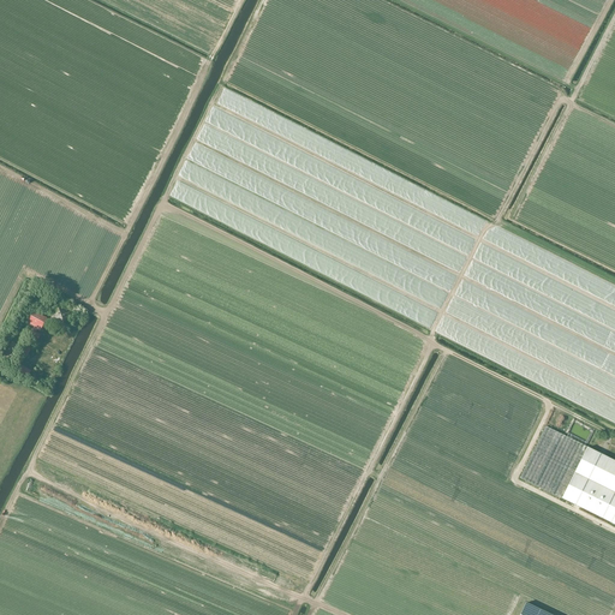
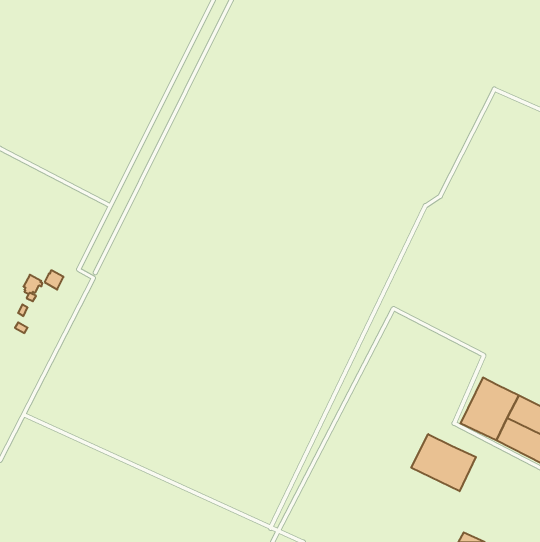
building: none -> [411,434,476,491]

